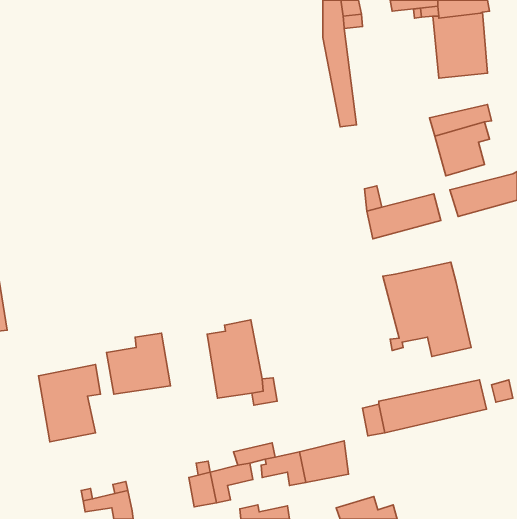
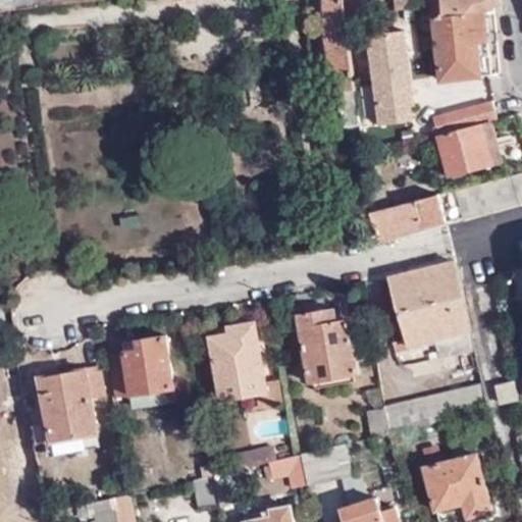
building: none -> [368,32,413,125]
building: none -> [296,310,357,382]
building: none -> [423,436,490,517]

